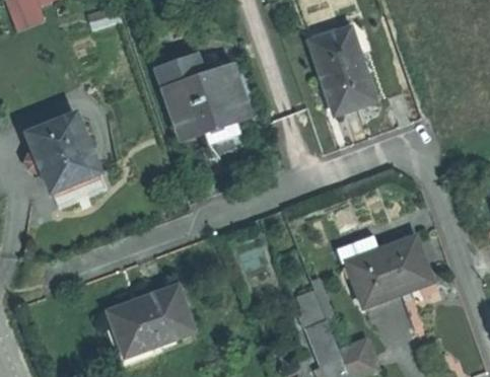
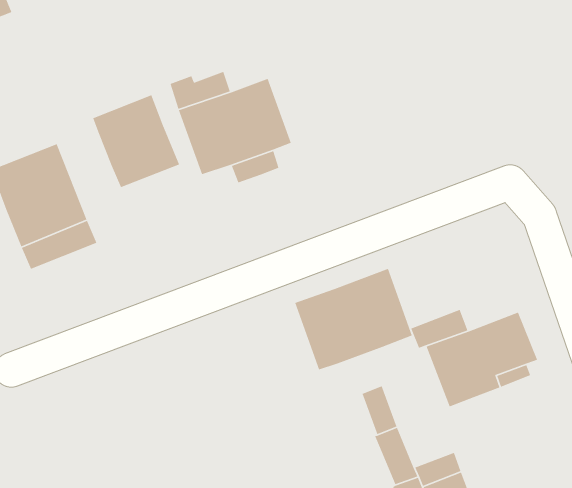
building: [307,27,373,116] -> none
building: none -> [92,94,180,188]
building: none -> [294,268,413,371]
building: [112,286,193,355] -> none

